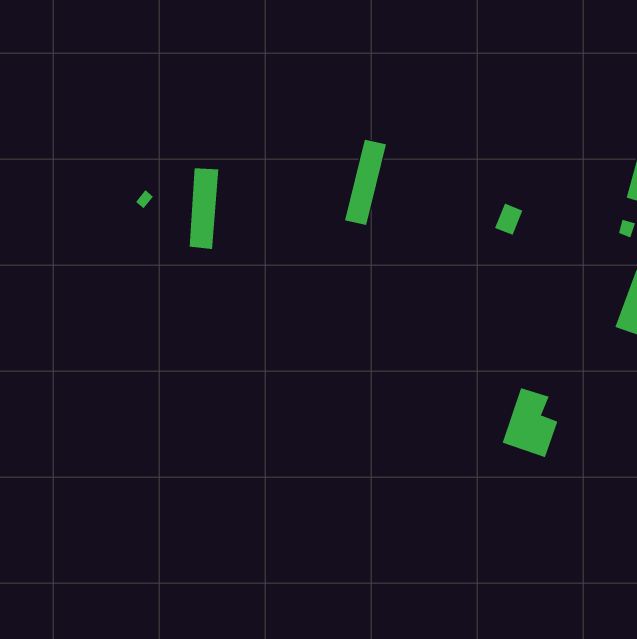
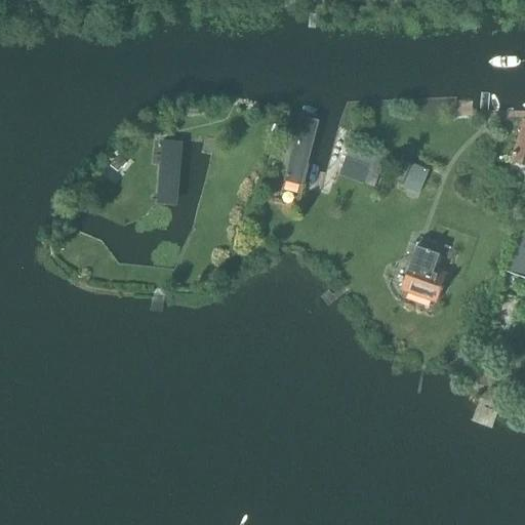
building: none -> [341,156,373,185]
building: [502,388,558,458] -> [403,245,449,302]

